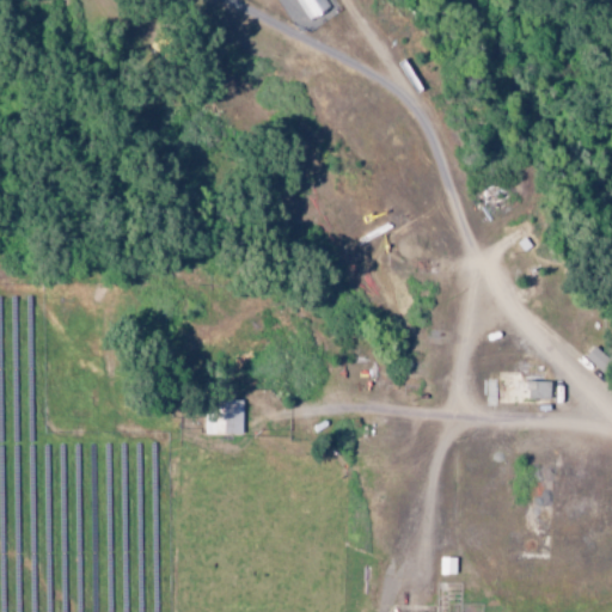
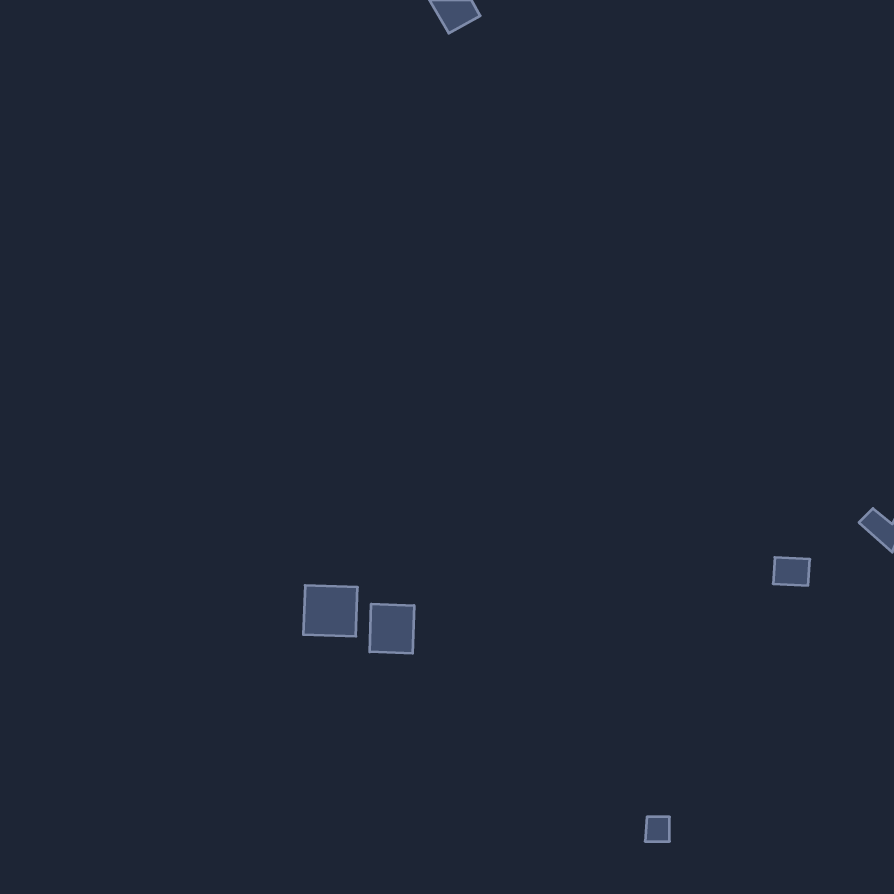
building: none -> [370,604,414,653]

